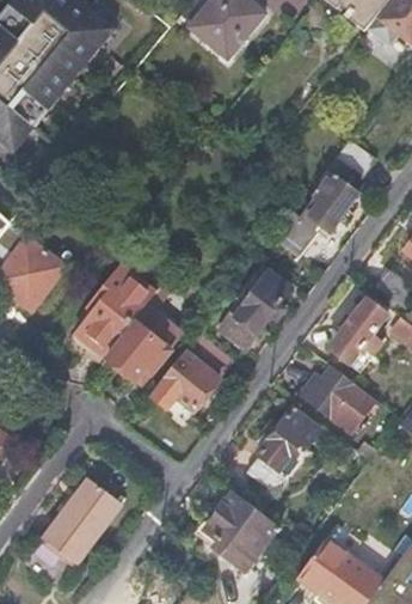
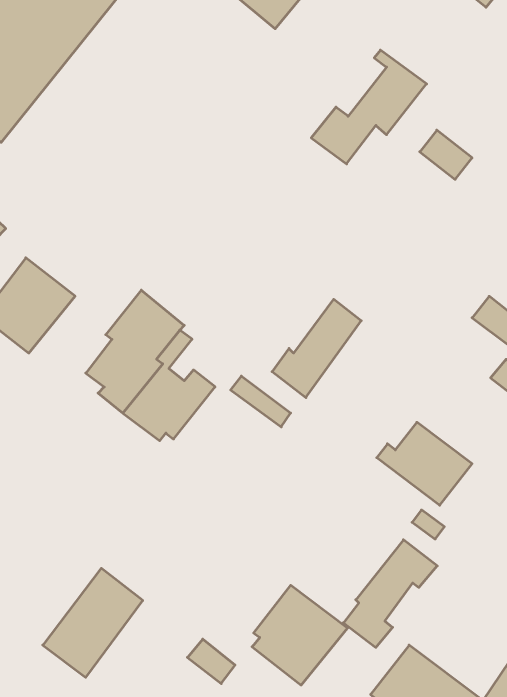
building: [272,169,362,257] -> [311,50,427,164]
building: [328,300,388,366] -> none
building: [150,353,219,422] -> none
building: [247,411,320,495] -> [343,540,437,647]

